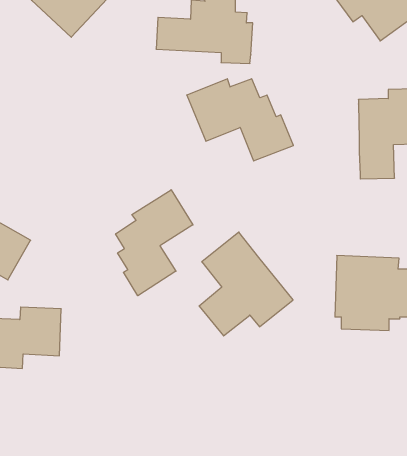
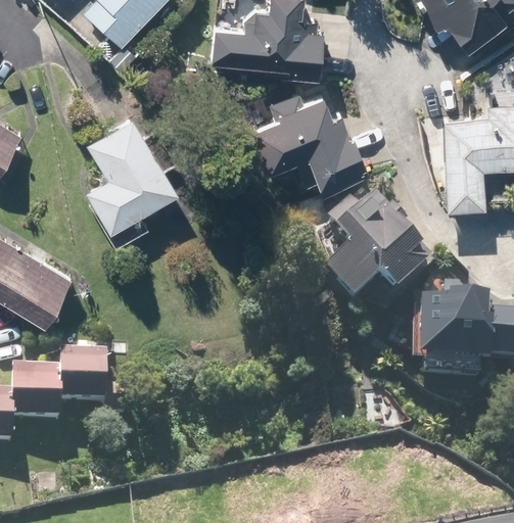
building: none -> [79,114,193,250]
building: [116,190,193,296] -> none
building: [199,232,293,336] -> [327,187,433,304]

